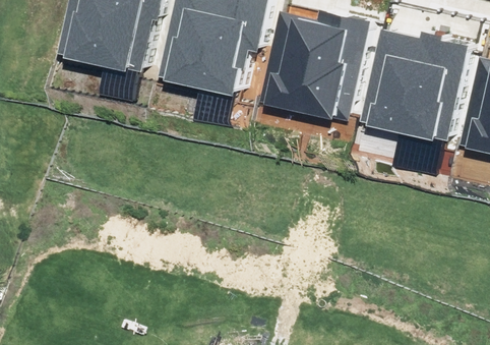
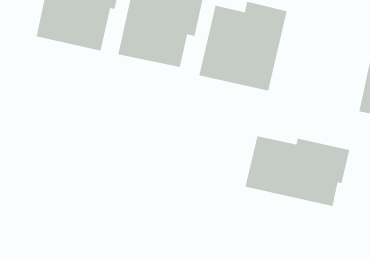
building: [361,34,470,143] -> none
building: none -> [245,135,350,207]

